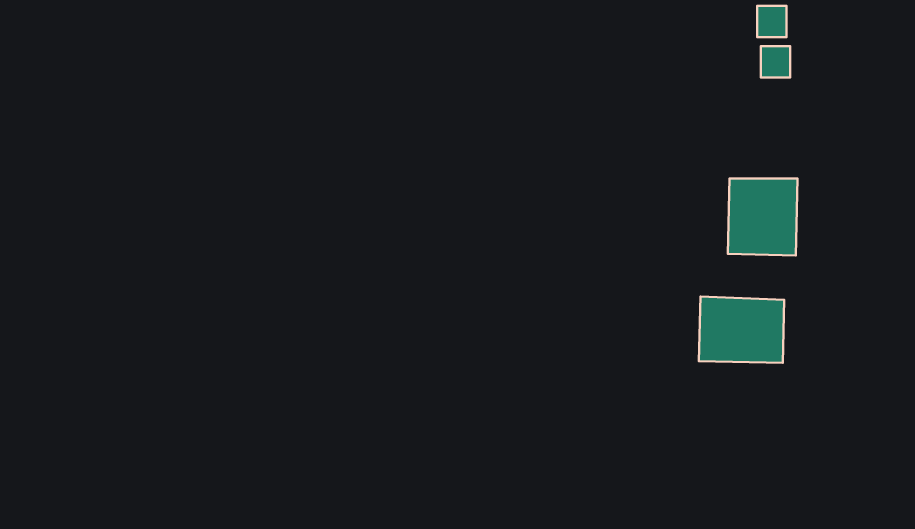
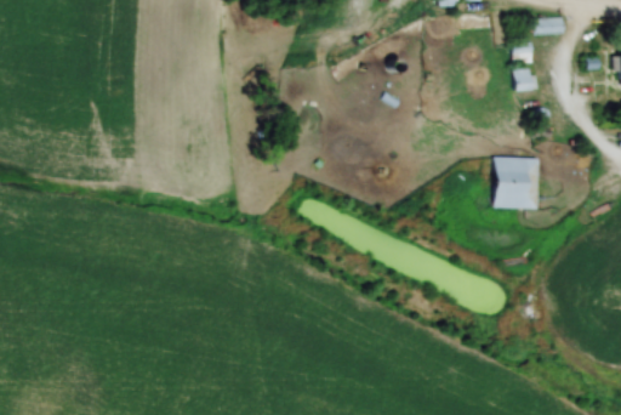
building: [699,296,784,363] -> none

